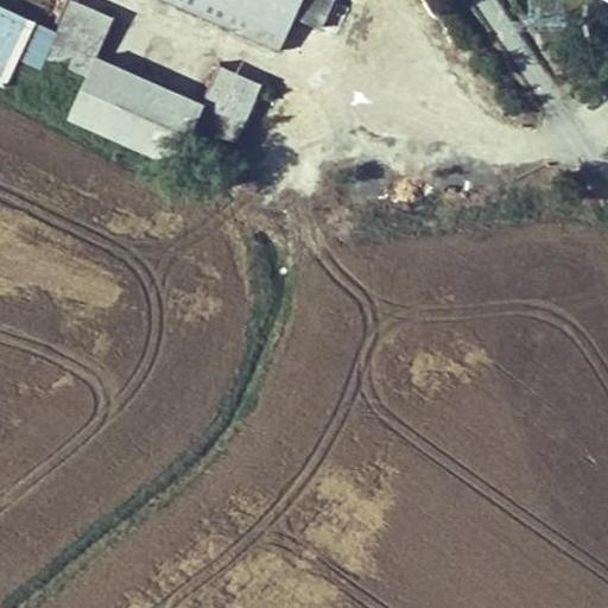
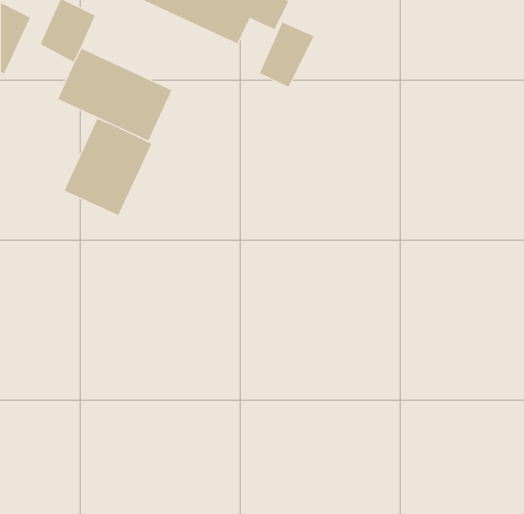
building: [196,65,260,141] -> [259,22,315,87]
building: none -> [64,118,152,216]

